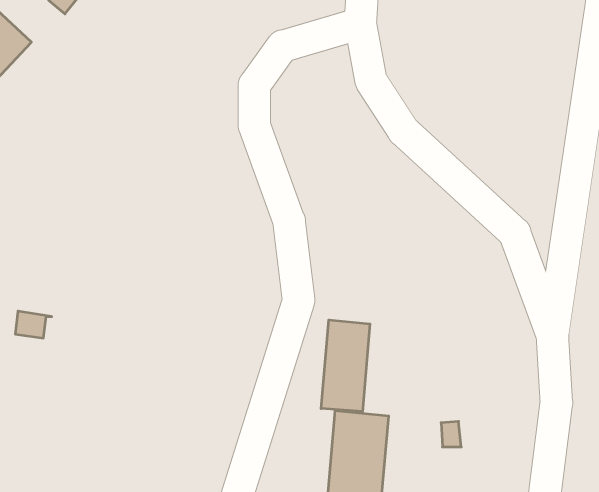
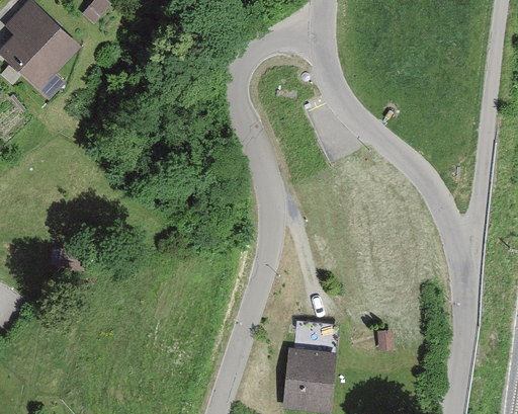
building: [321,320,370,412] -> none

